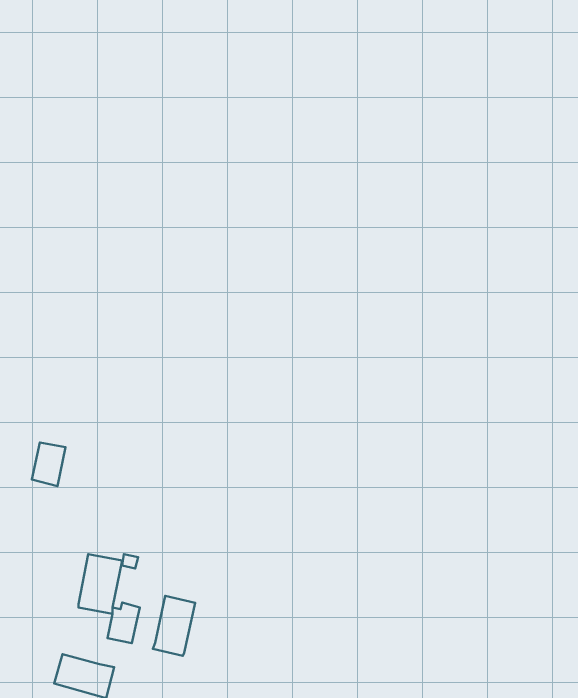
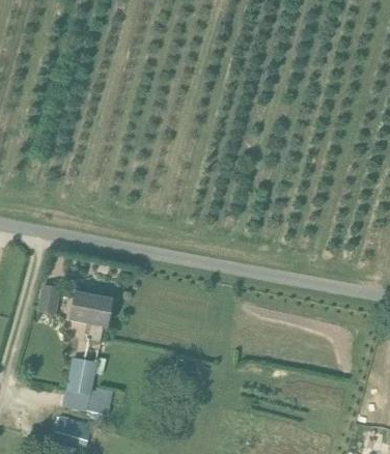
building: none -> [69,291,112,342]
building: [153,596,195,656] -> none

